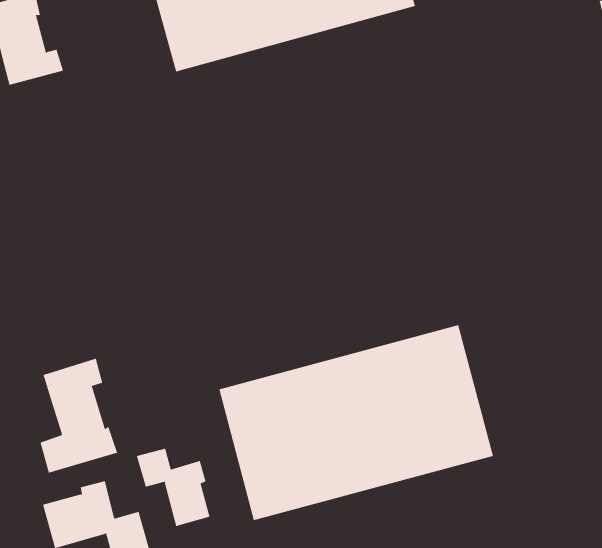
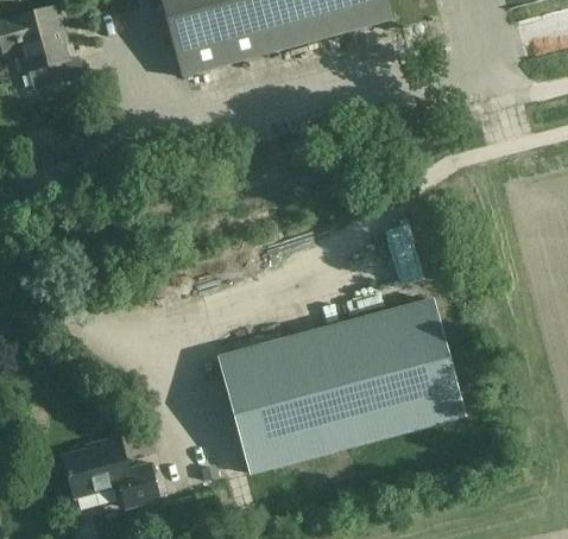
building: [40,358,118,473] -> none
building: [136,448,210,527] -> none

